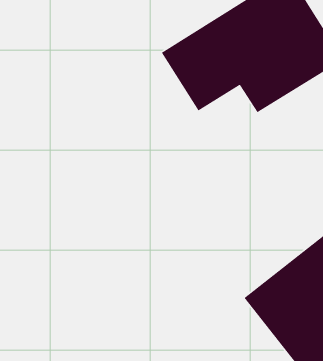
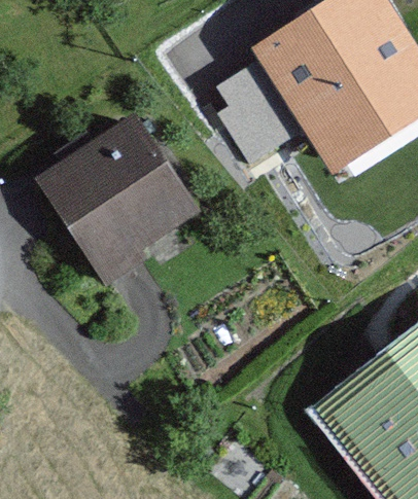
building: none -> [38,110,203,275]

